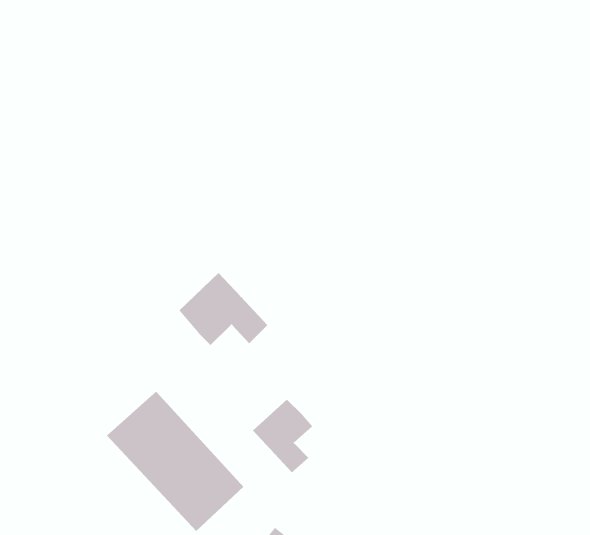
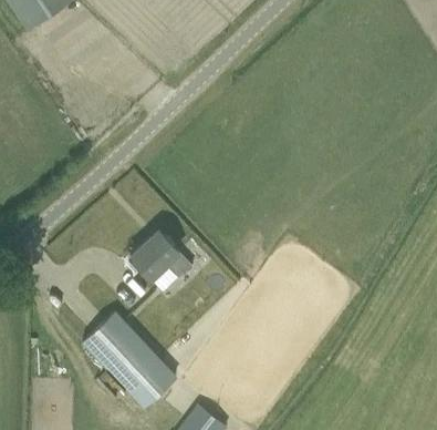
building: [252,399,313,473] -> none

